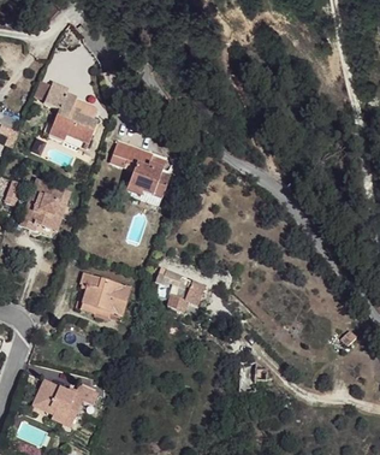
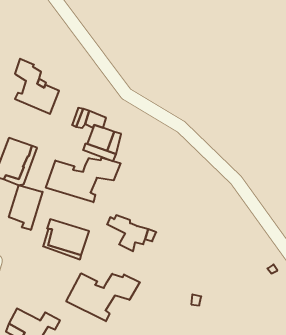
building: none -> [46,157,121,202]
building: none -> [9,185,43,230]
building: none -> [66,273,140,321]

